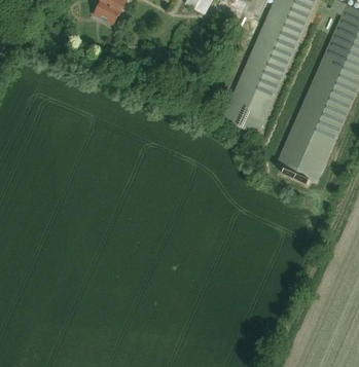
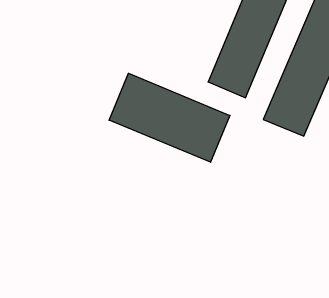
building: none -> [109,73,230,162]

